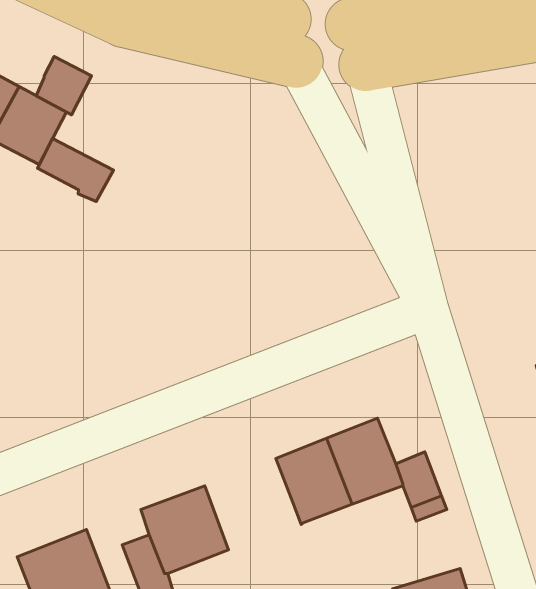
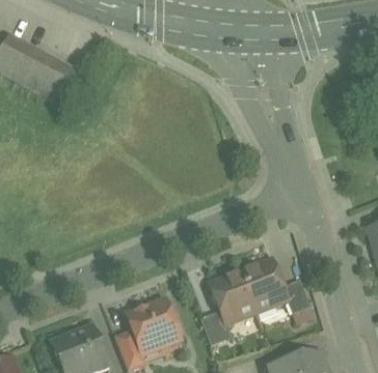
building: [36,56,91,115] -> none
building: [37,139,113,201] -> none
building: none -> [200,310,232,344]

